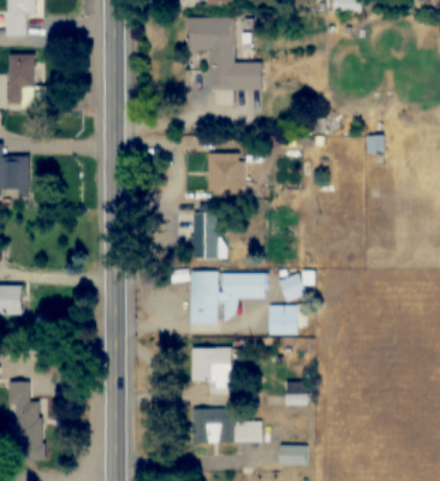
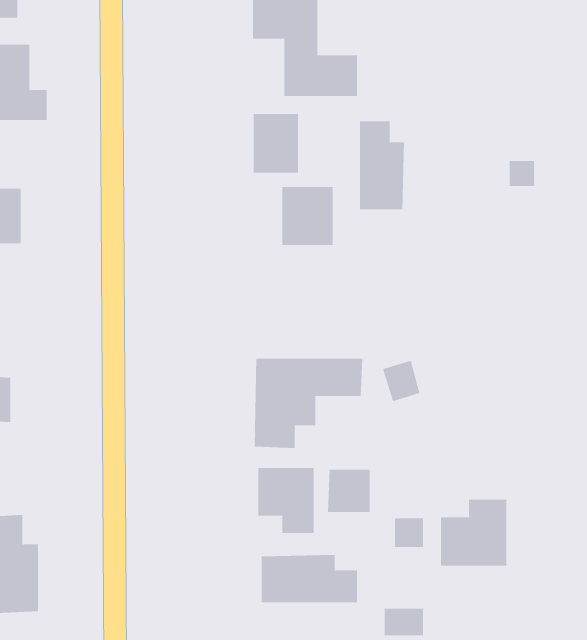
building: none -> [253,113,298,174]
building: none -> [359,120,405,210]
building: [194,212,218,259] -> none
building: [268,304,298,334] -> [327,469,370,513]
building: none -> [440,499,507,566]

